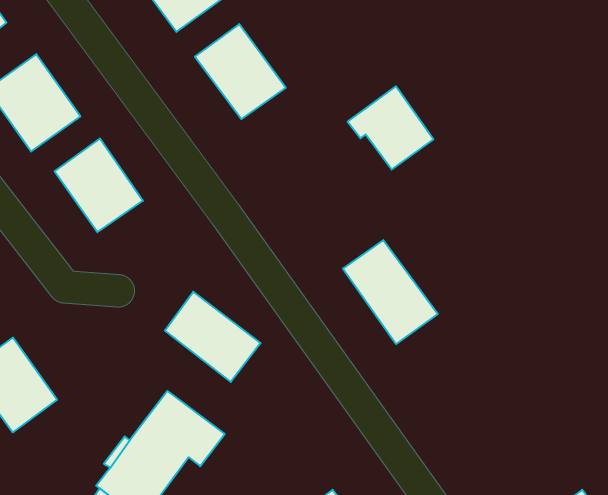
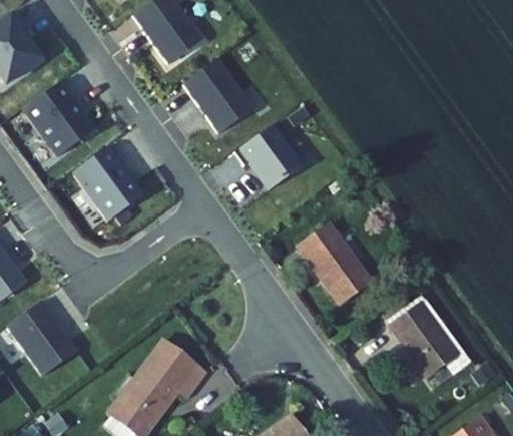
building: [348,86,433,170] -> [234,124,301,188]
building: [165,292,261,382] -> none
building: none -> [386,296,470,377]

